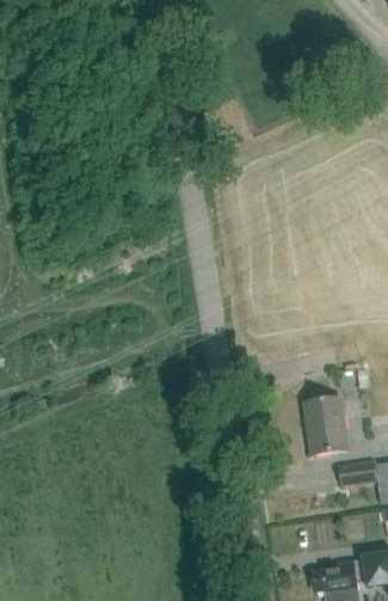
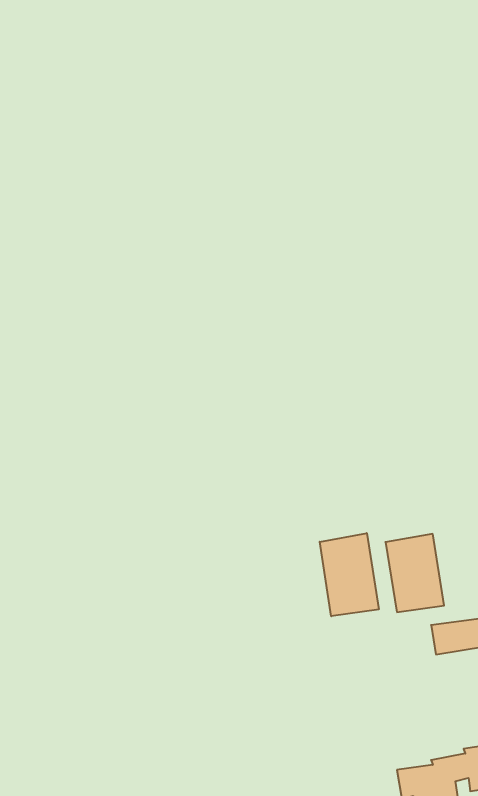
building: none -> [320,533,379,616]

